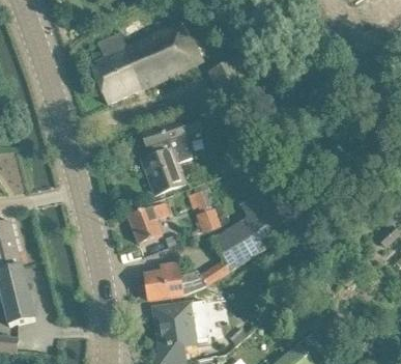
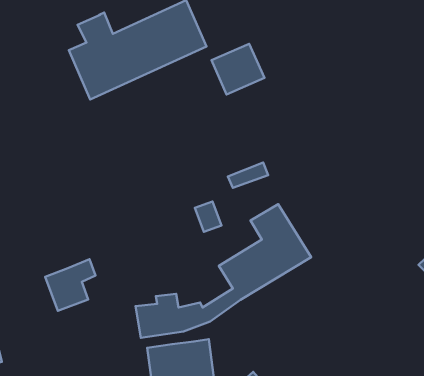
building: [143,115,201,194] -> none
building: [127,202,169,245] -> [45,259,96,311]

